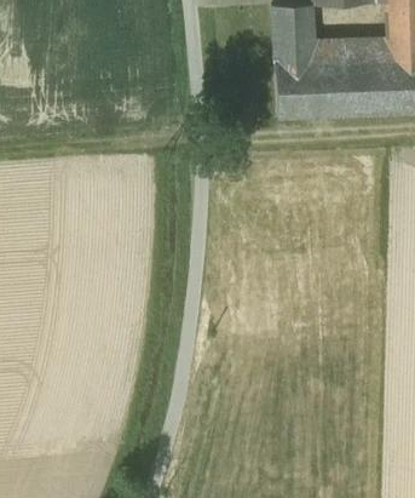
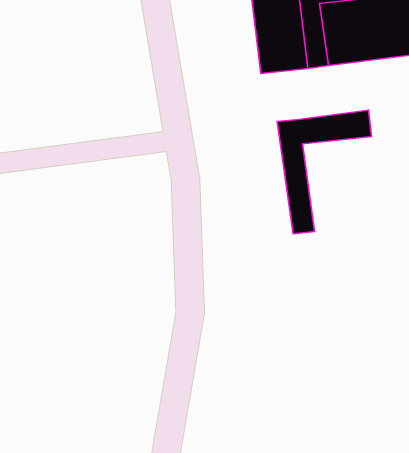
building: none -> [277,110,371,234]

